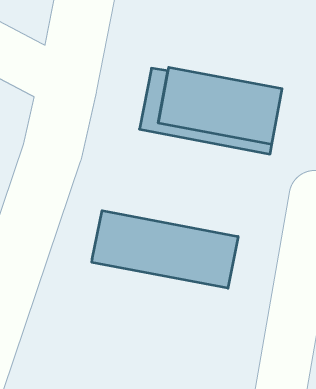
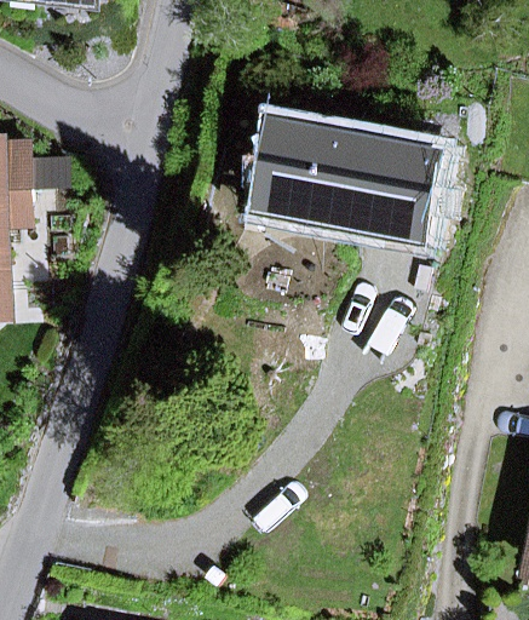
building: [92,211,238,288] -> none

